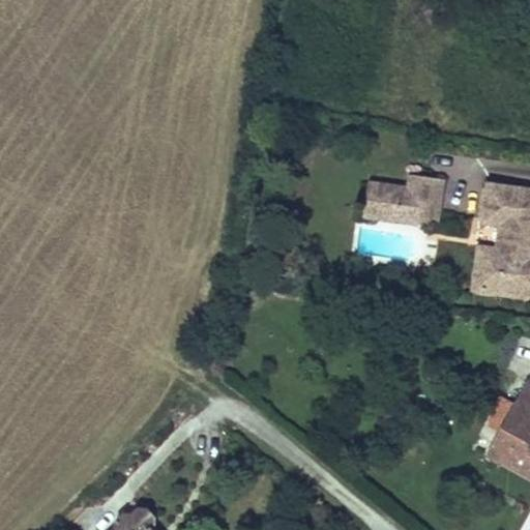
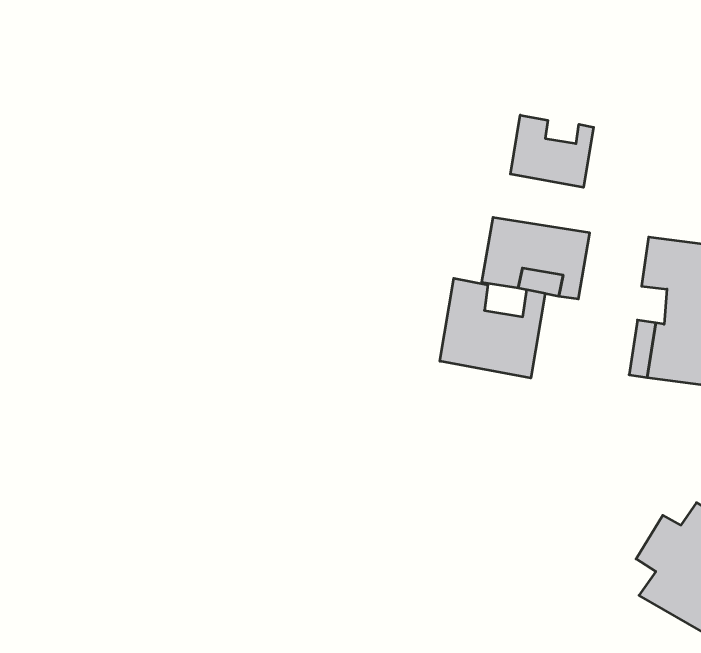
building: none -> [510,115,594,187]
building: none -> [440,278,545,378]

